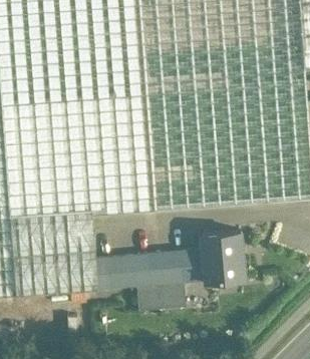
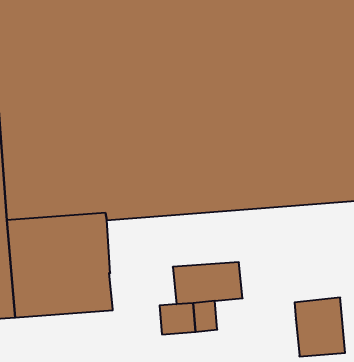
building: [202,230,244,279] -> [295,298,345,356]
building: [94,252,150,287] -> none

